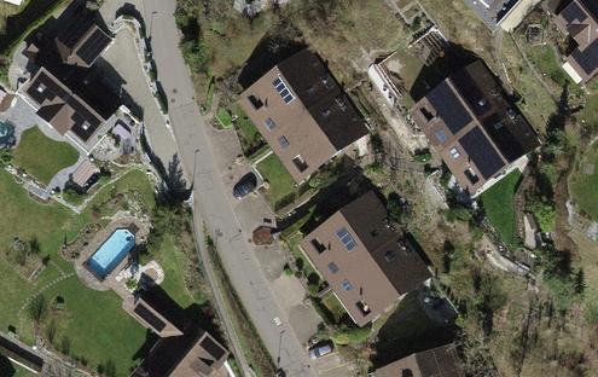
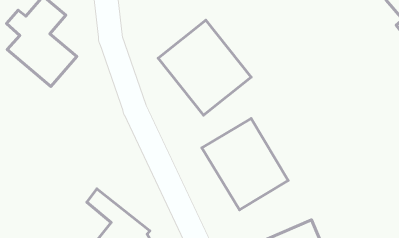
building: [410,65,528,187] -> none

